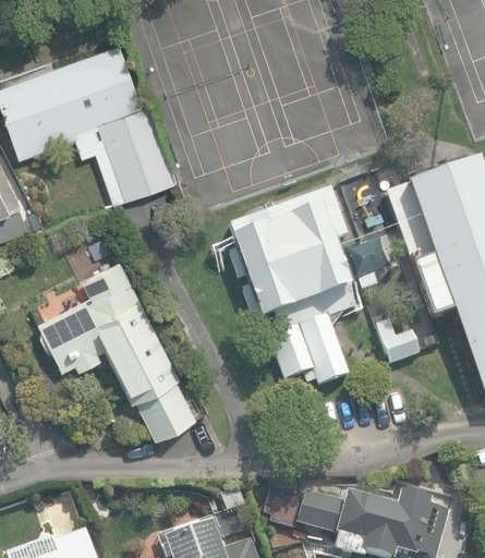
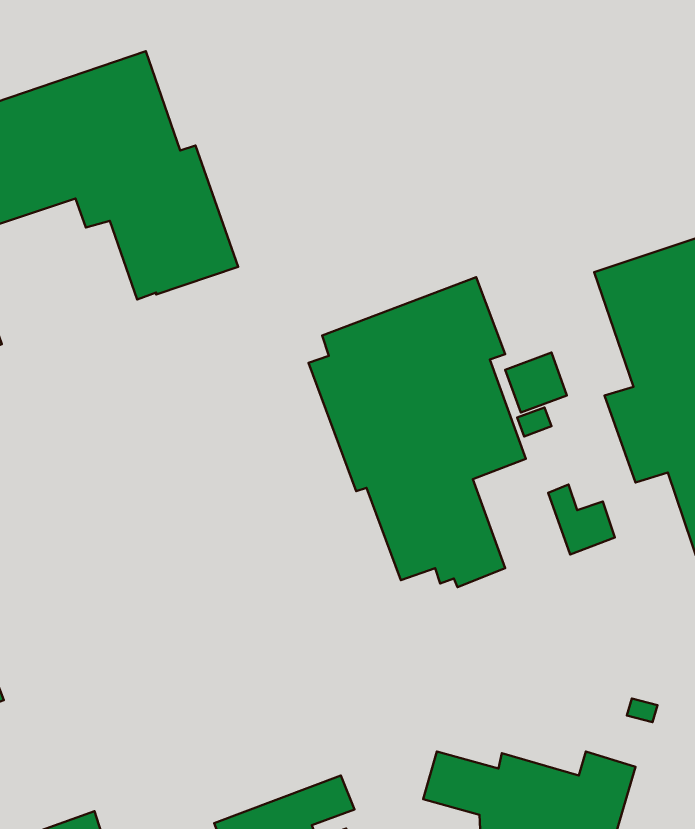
building: [38,260,196,440] -> none

